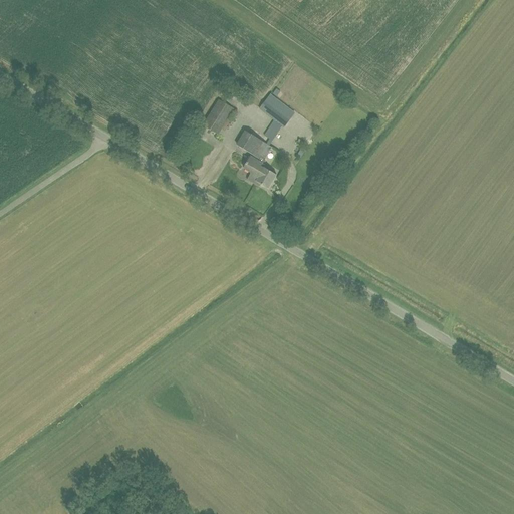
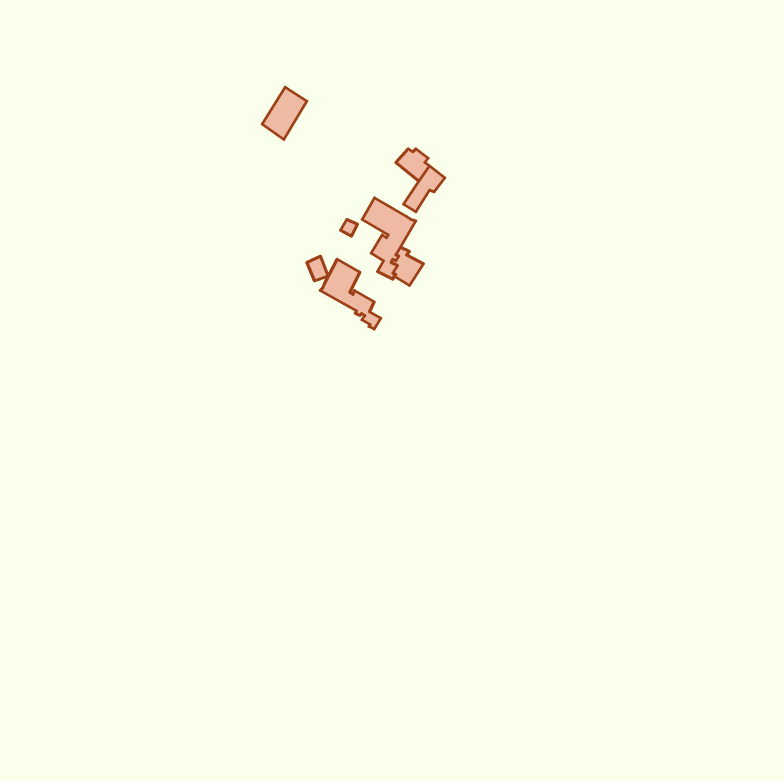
building: [204,98,233,133] -> [262,87,307,139]
building: none -> [320,259,381,329]

